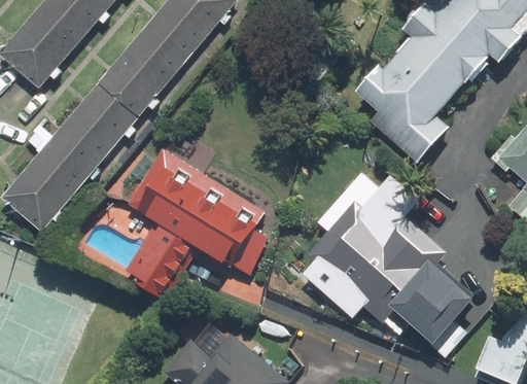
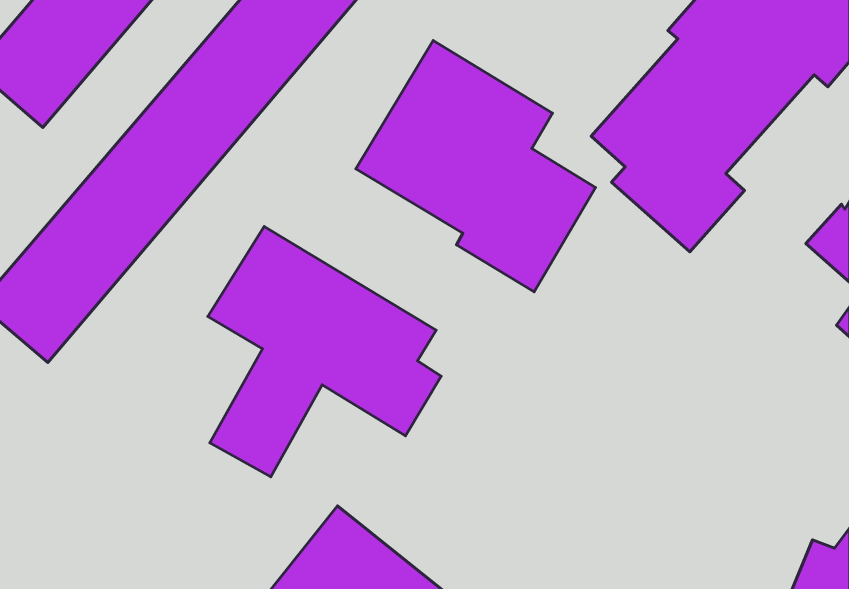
building: none -> [356,41,596,292]
building: [309,197,484,346] -> none

